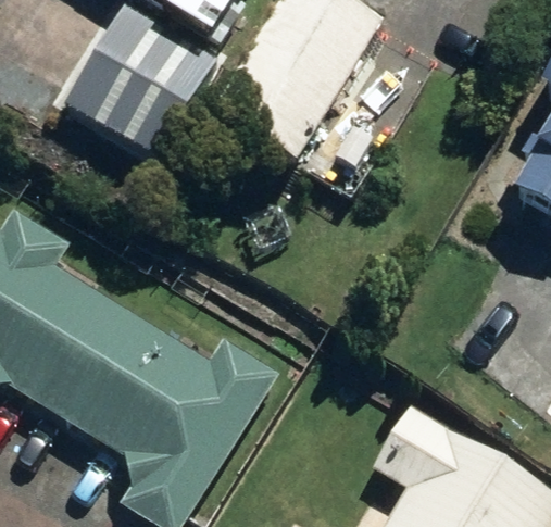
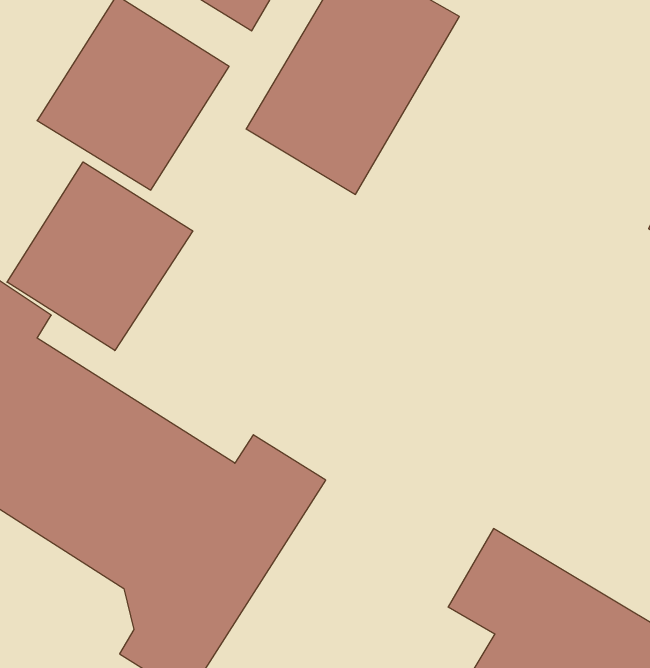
building: none -> [7,162,193,351]

